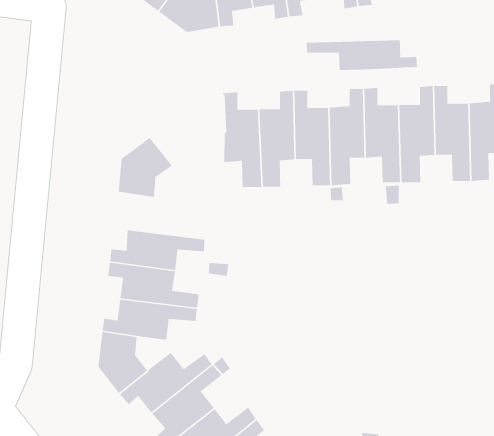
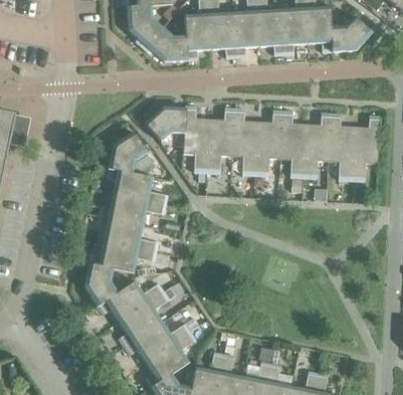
building: [306,40,418,71] -> none
building: none -> [145,106,187,141]
building: none -> [107,167,168,204]

